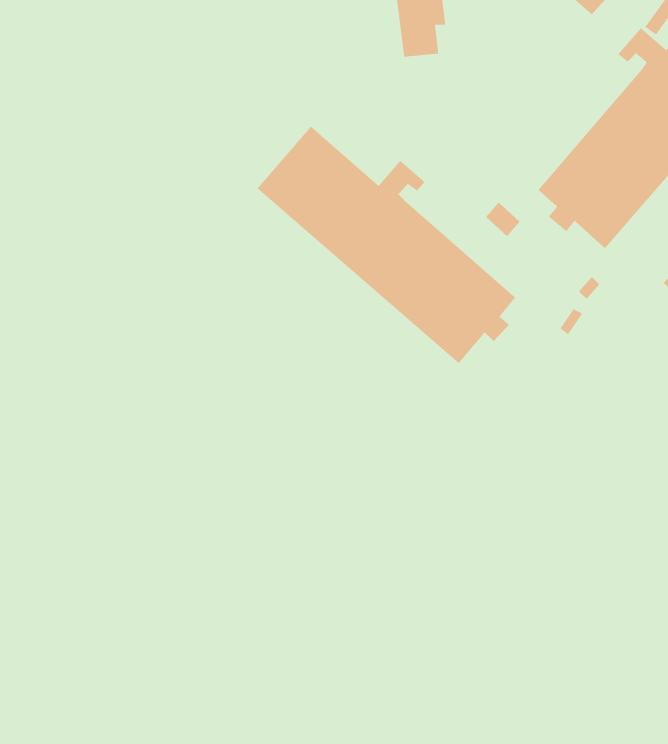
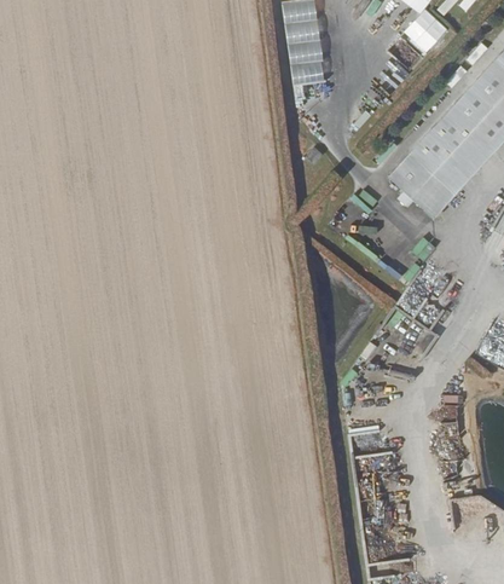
building: [257,126,516,364] -> none

